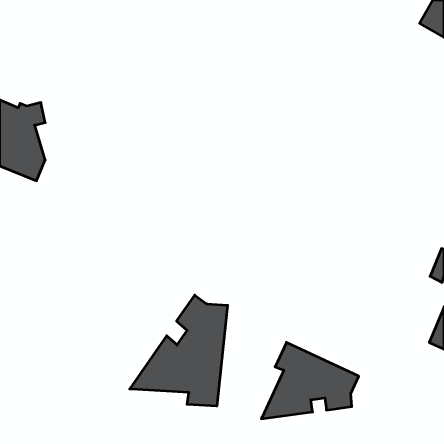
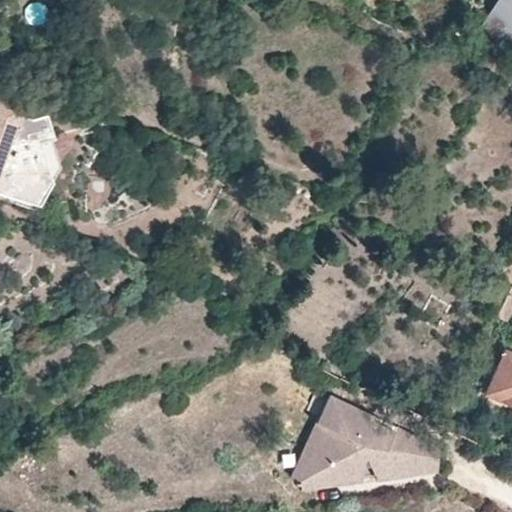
building: [130,295,228,406] -> none
building: none -> [300,433,442,492]

